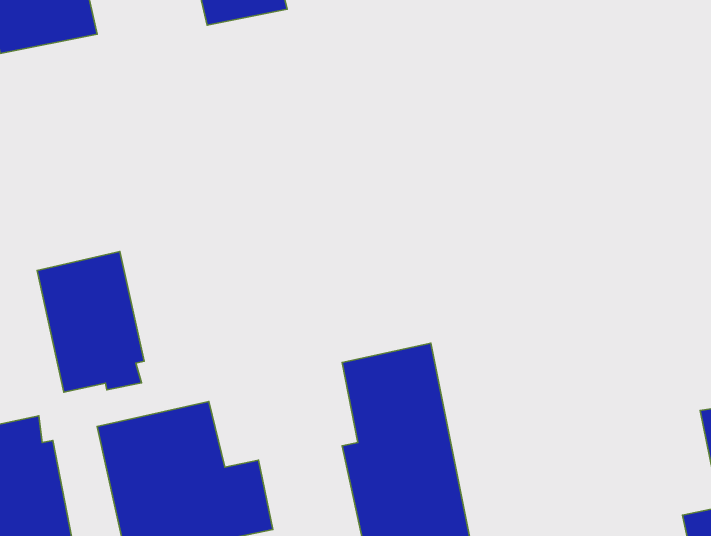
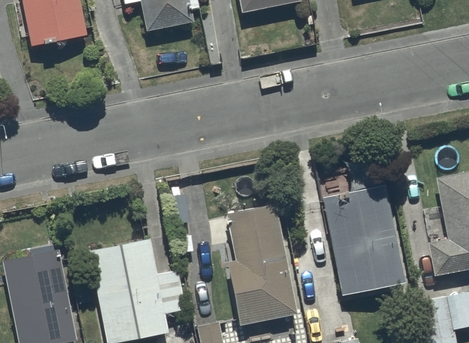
building: [37,251,144,392] -> none
building: none -> [321,186,407,296]

